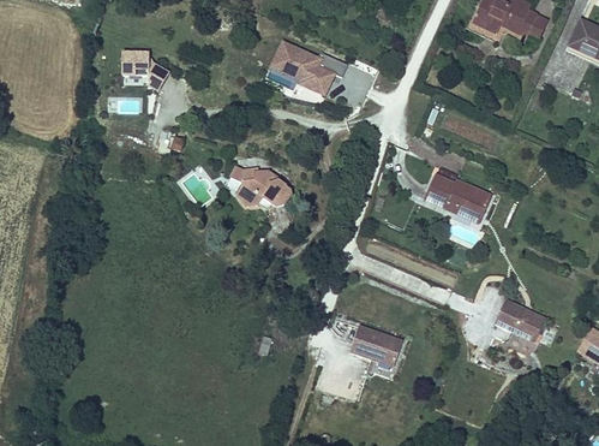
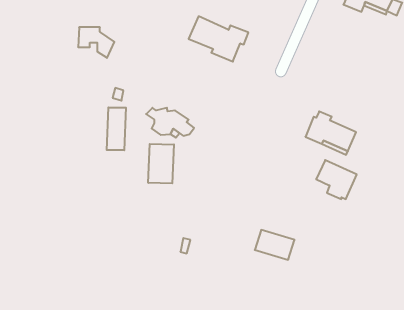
building: none -> [107,107,126,150]
building: none -> [148,144,174,183]
building: [493,298,547,350] -> [316,160,357,199]

